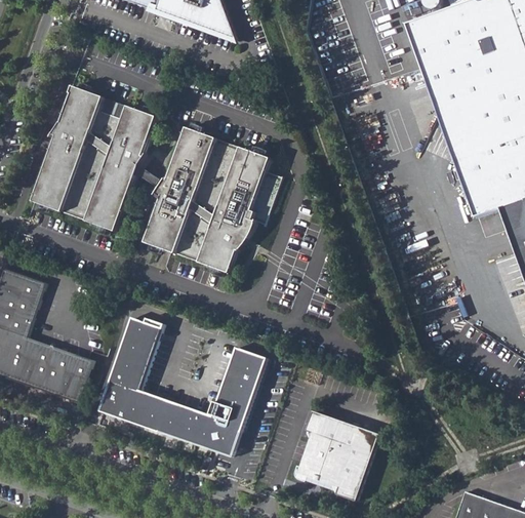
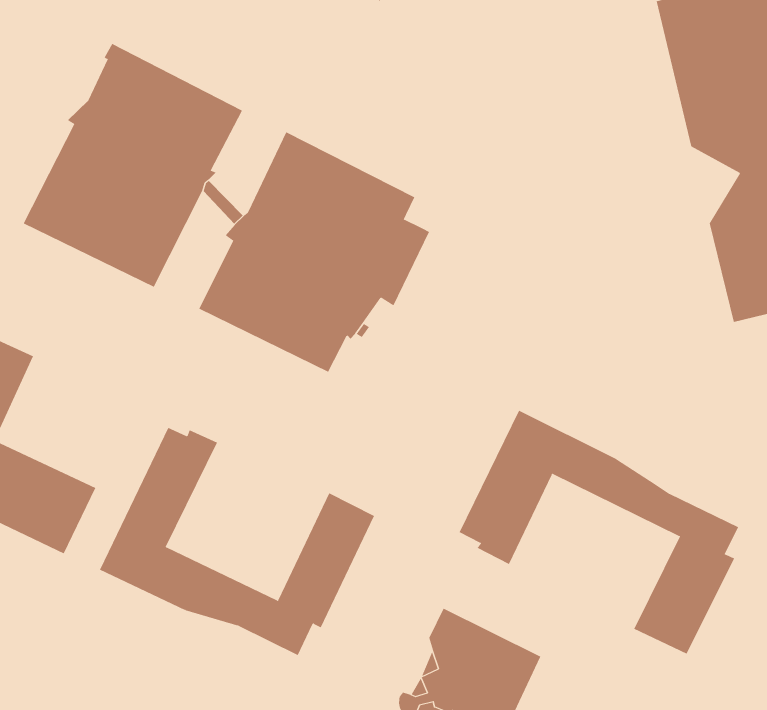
building: [435,110,467,156] -> none
building: none -> [459,410,739,654]
building: [154,429,239,455] -> none

